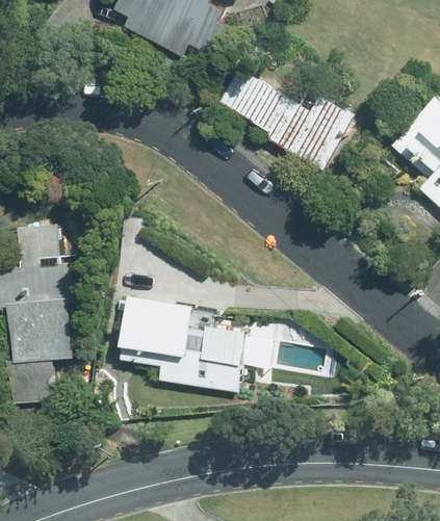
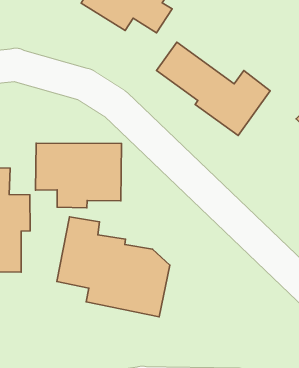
building: none -> [36,143,121,208]

